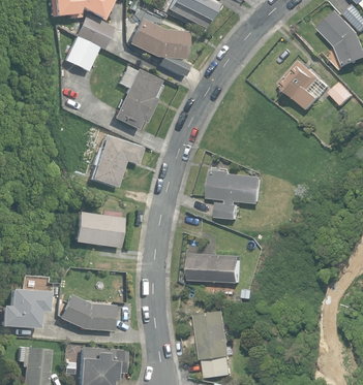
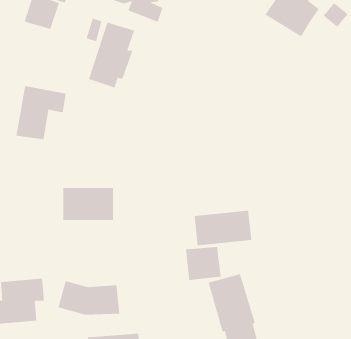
building: [91,136,142,187] -> [15,86,67,140]
building: [208,170,262,219] -> none
building: none -> [186,246,221,281]

